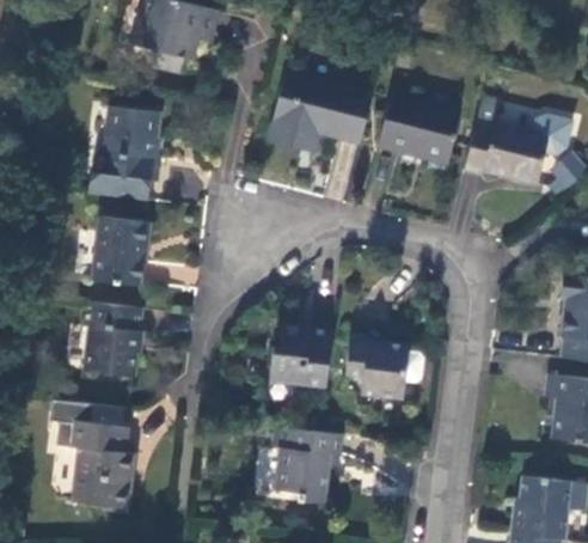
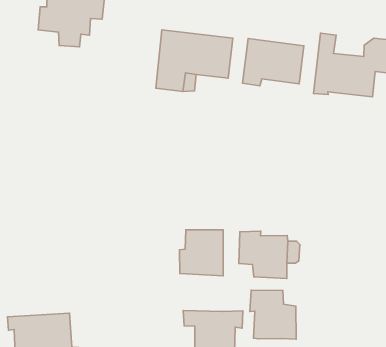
building: [94,108,158,203] -> none
building: [88,221,147,287] -> none
building: [84,306,153,368] -> none
building: none -> [250,290,296,339]

